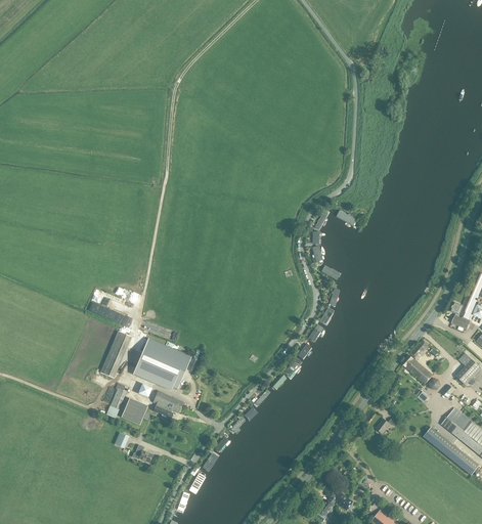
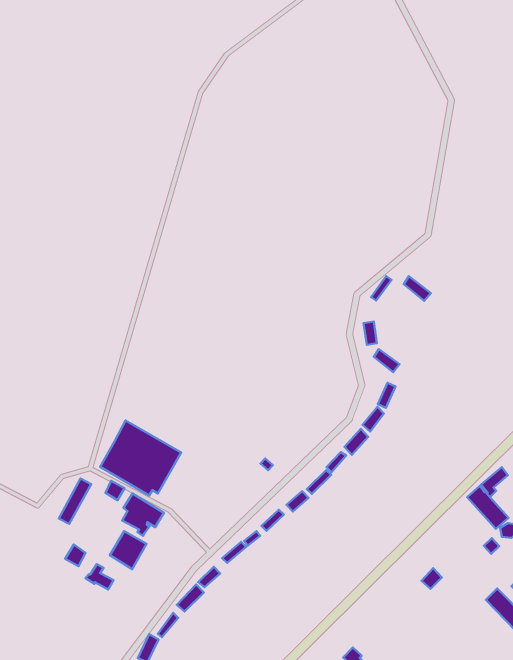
building: [99,331,130,377] -> none
building: [120,398,145,425] -> [110,531,147,569]

